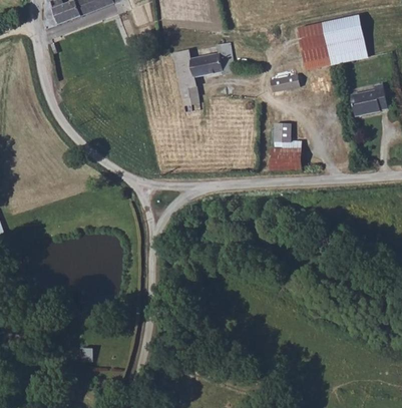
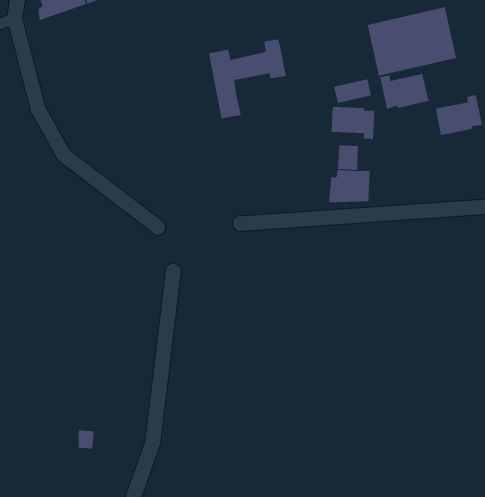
building: none -> [379,73,429,110]
building: none -> [331,106,375,140]

